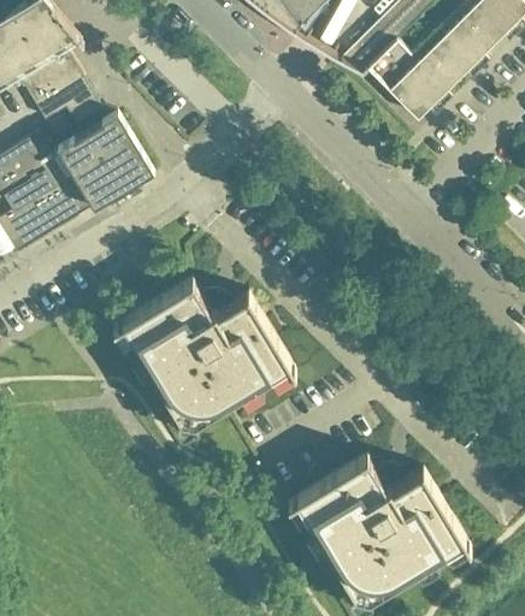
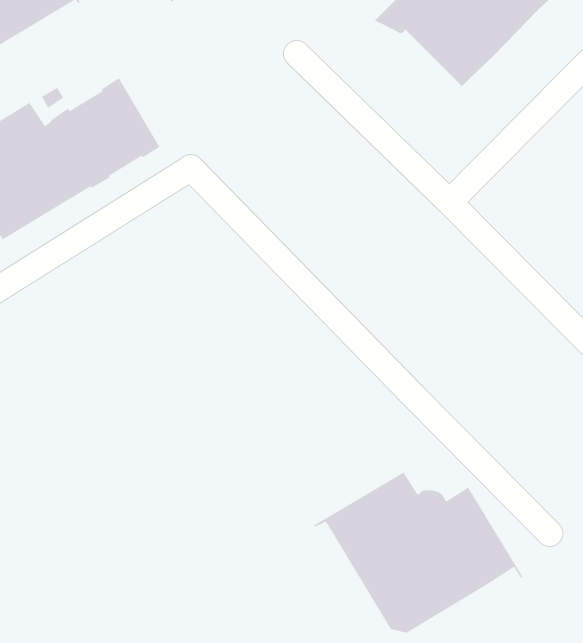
building: [17,52,101,126] -> none
building: [111,282,295,424] -> none

